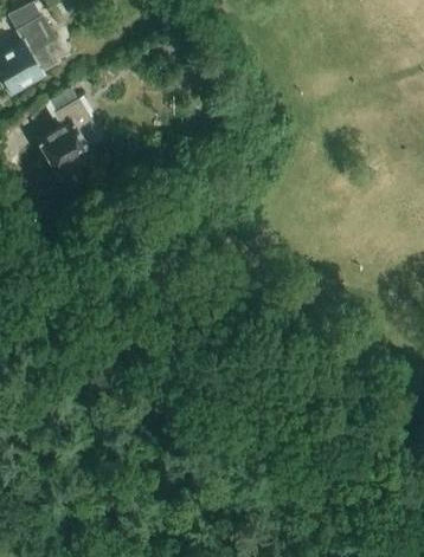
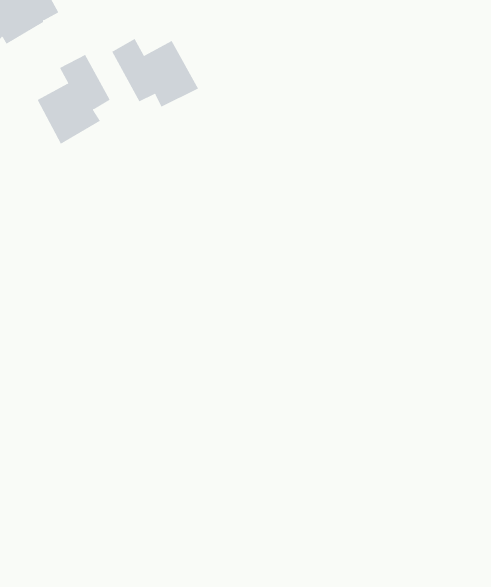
building: none -> [112,38,199,108]

